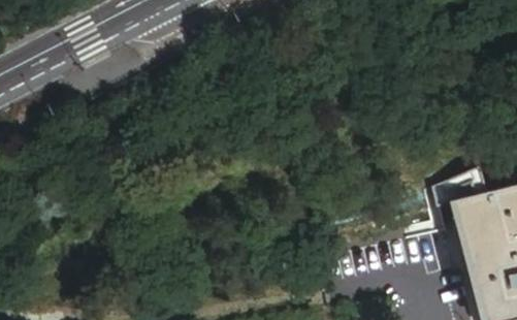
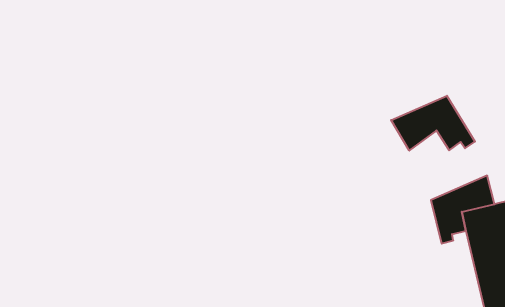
building: none -> [391,96,475,151]

